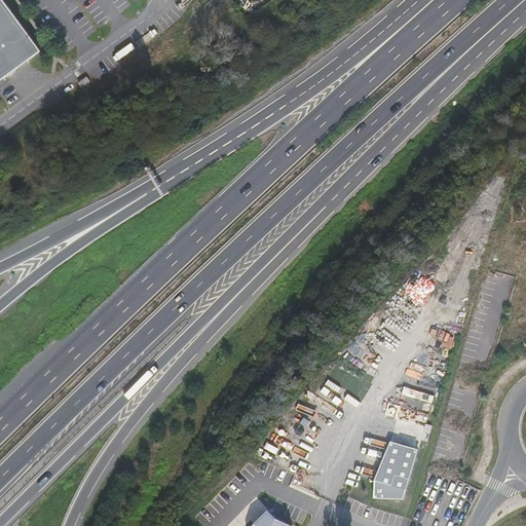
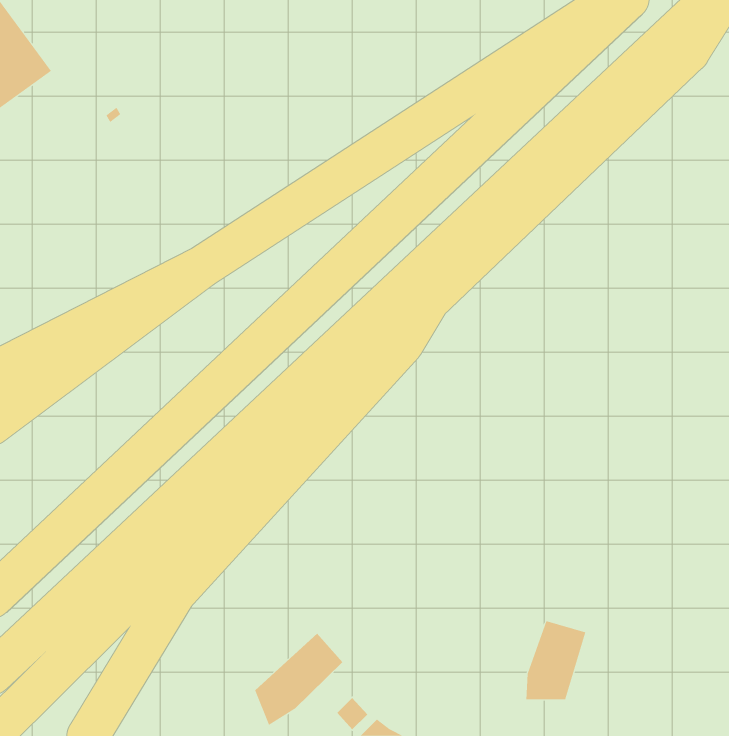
building: none -> [255,633,343,726]

